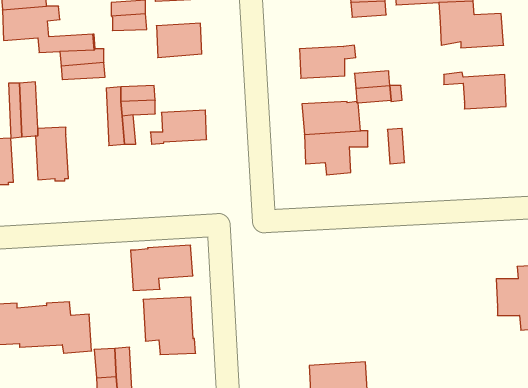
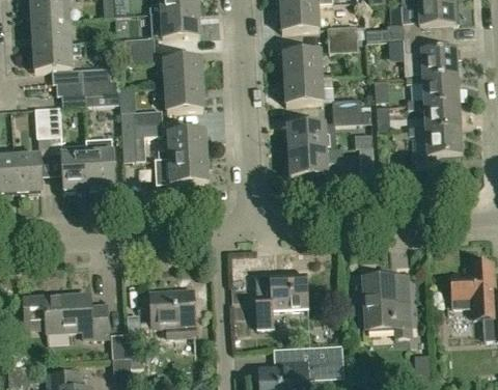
building: none -> [282,50,322,78]
building: none -> [405,72,459,102]
building: none -> [164,82,203,110]
building: none -> [408,123,462,168]
building: none -> [85,138,113,188]
building: [131,245,193,290] -> [155,155,208,193]
building: none -> [253,272,307,327]
building: none -> [363,275,409,335]

